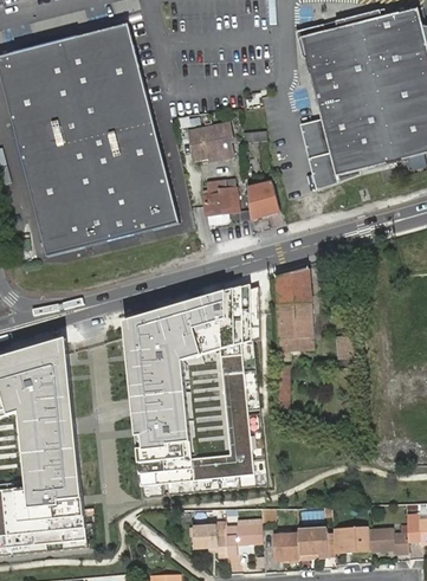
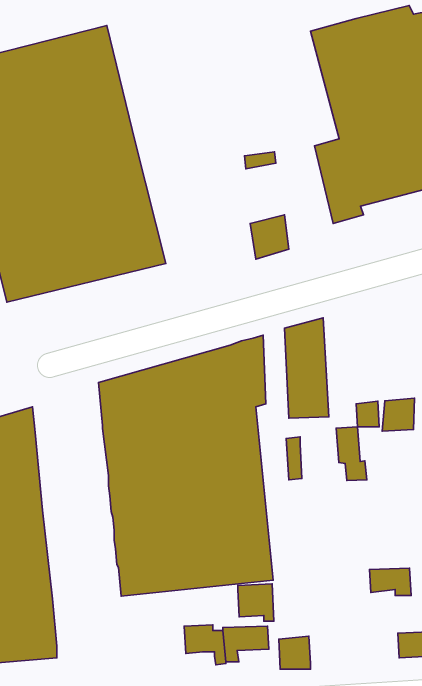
building: [187,122,231,159] -> none
building: [202,180,238,225] -> none
building: none -> [382,398,414,431]
building: none -> [336,427,367,481]
building: [295,524,324,555] -> [238,584,274,621]
building: [331,525,365,548] -> [370,568,411,595]

